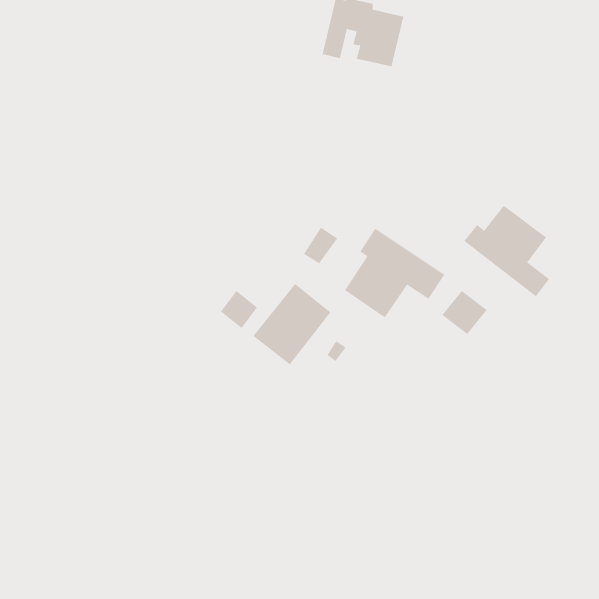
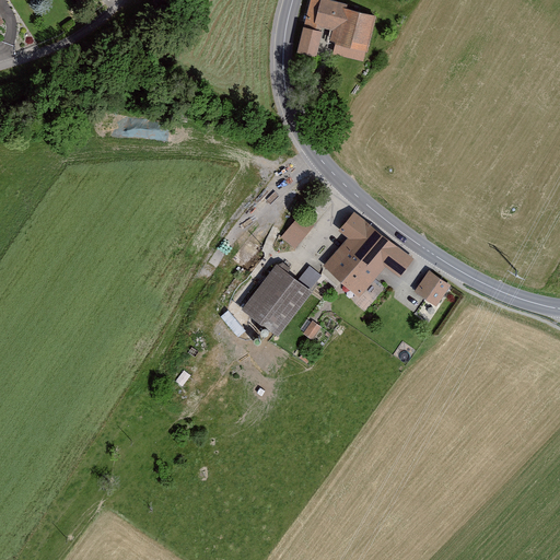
building: [463,205,550,297] -> none
building: [220,290,258,329] -> none

